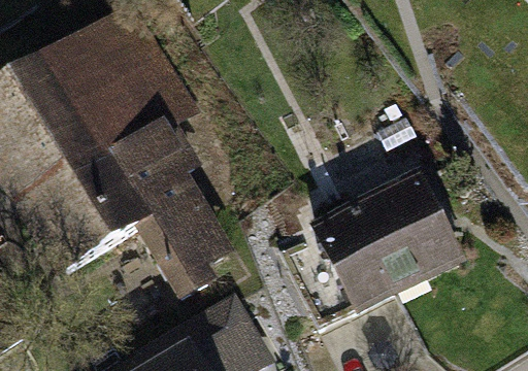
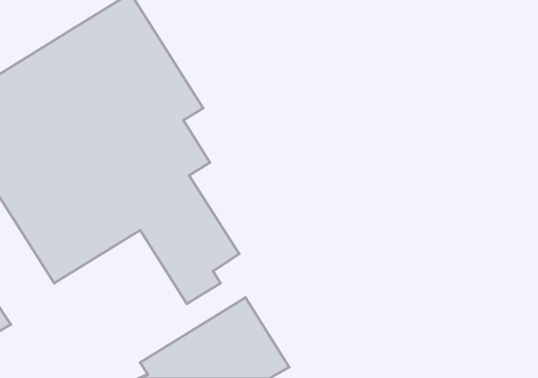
building: [315,168,467,313] -> none

